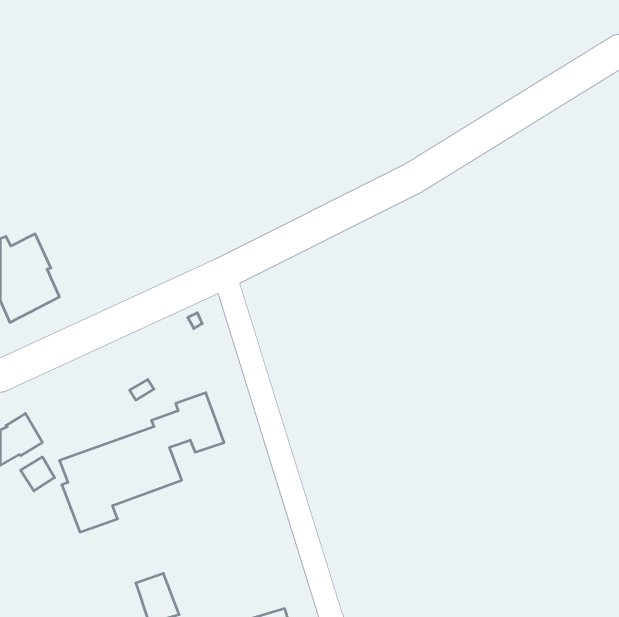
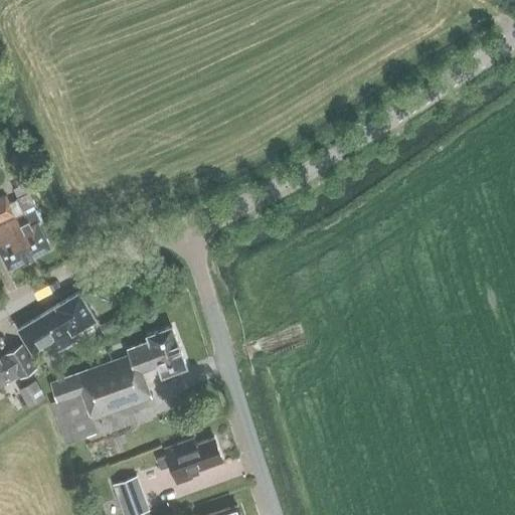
building: none -> [17,293,95,353]
building: none -> [157,440,221,484]

